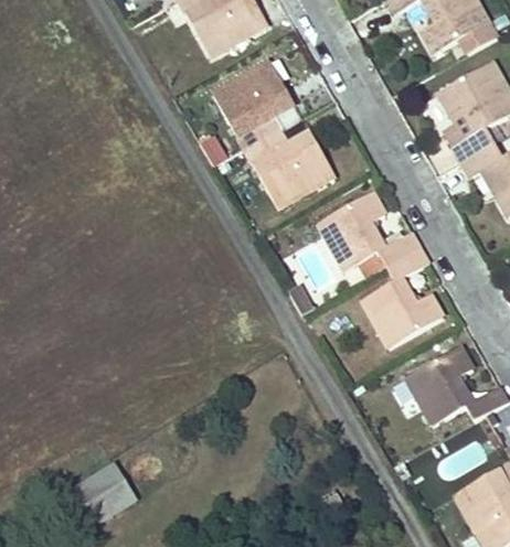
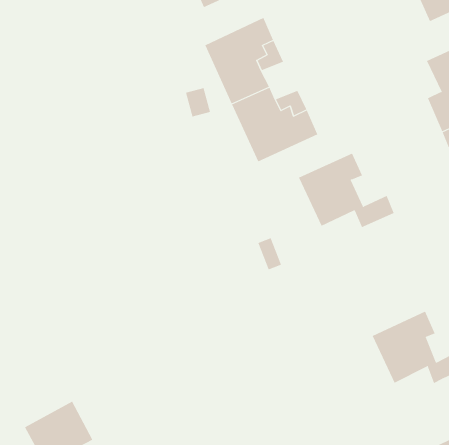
building: [365,247,444,344] -> none

